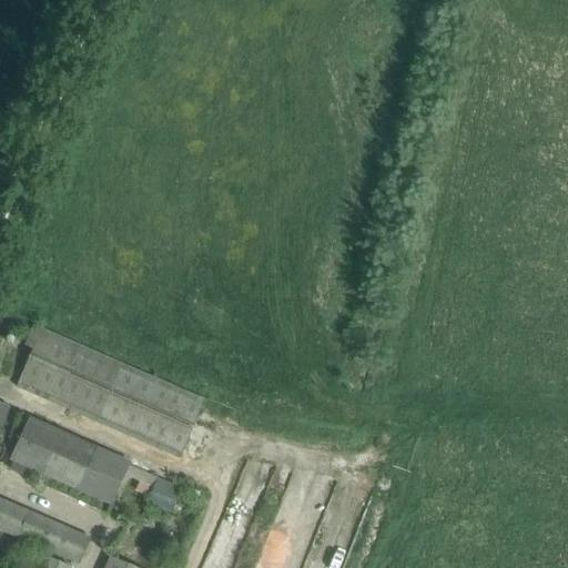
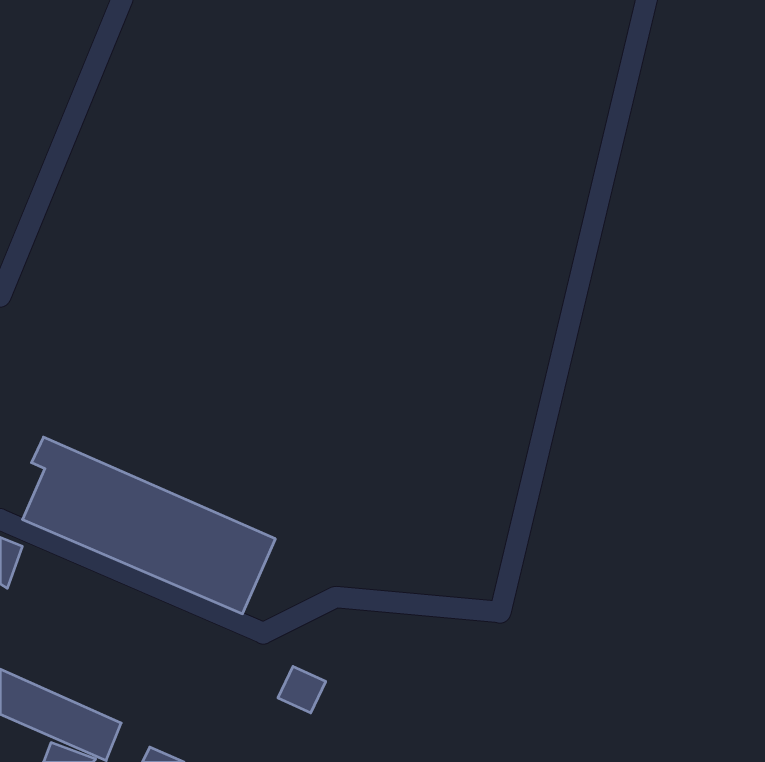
building: [9,415,129,504] -> none
building: [146,476,182,510] -> [278,666,326,713]

